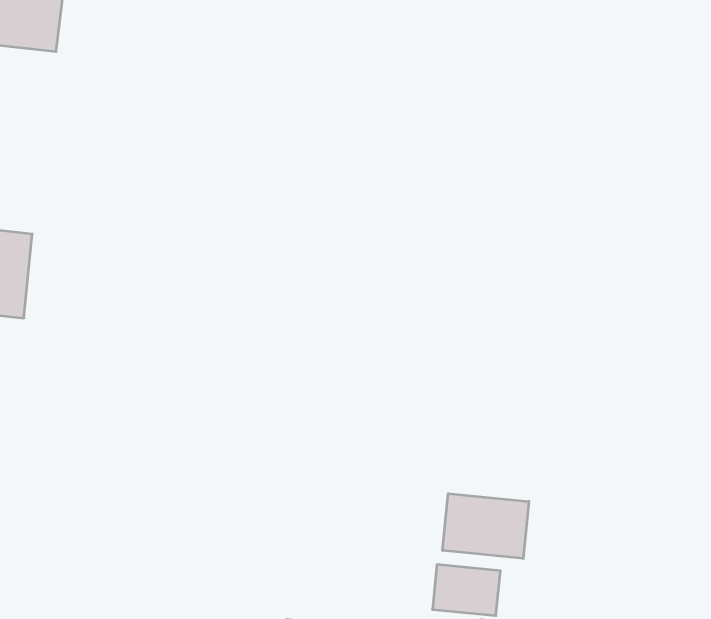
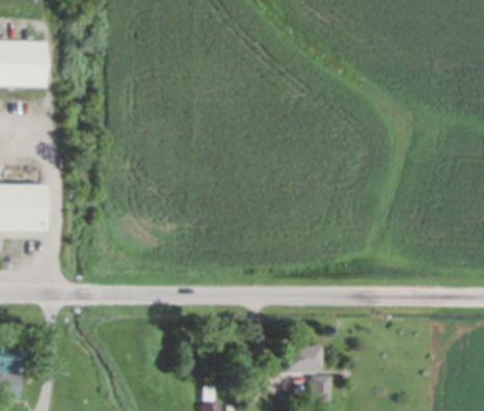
building: [443,494,529,559] -> none

